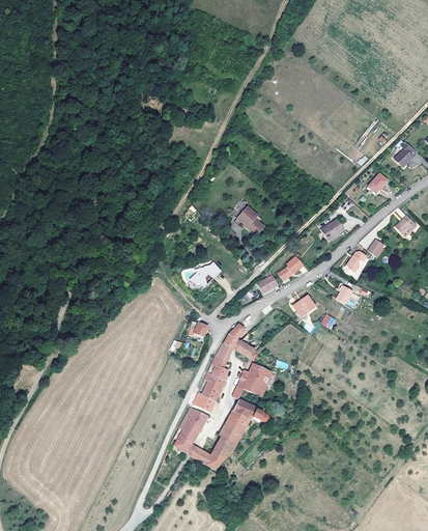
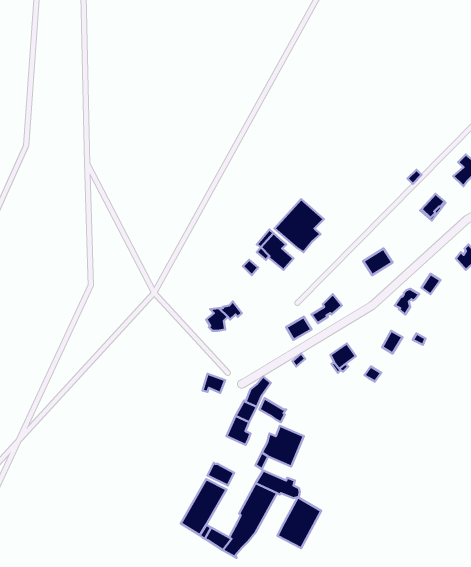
building: none -> [275,199,324,252]
building: [201,371,225,401] -> none
building: none -> [278,497,321,548]

